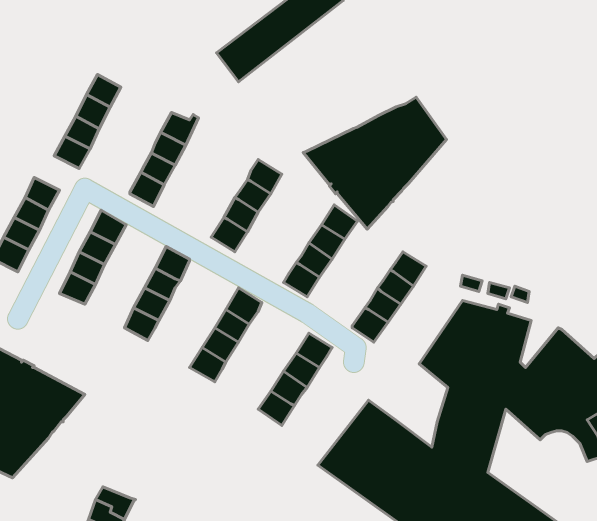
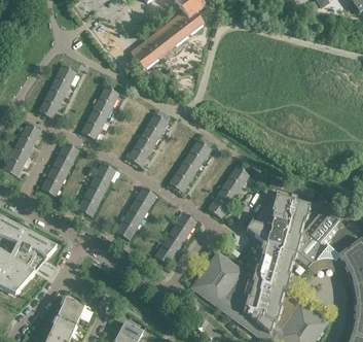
building: [303,97,446,229] -> none

